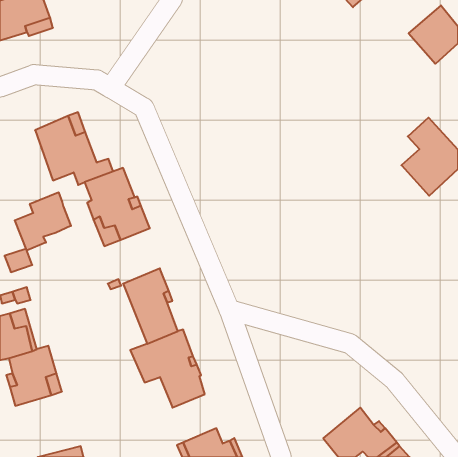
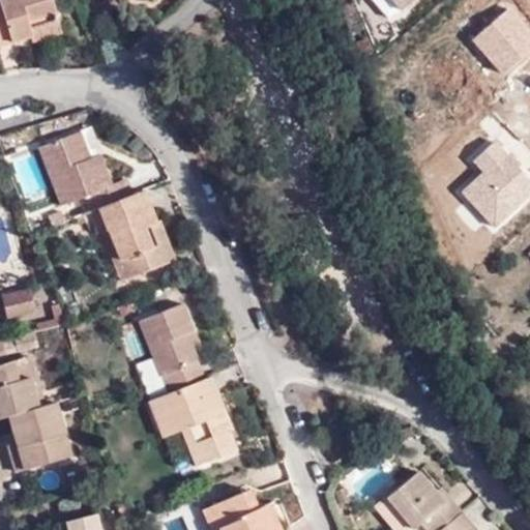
building: [15,192,71,250] -> none

